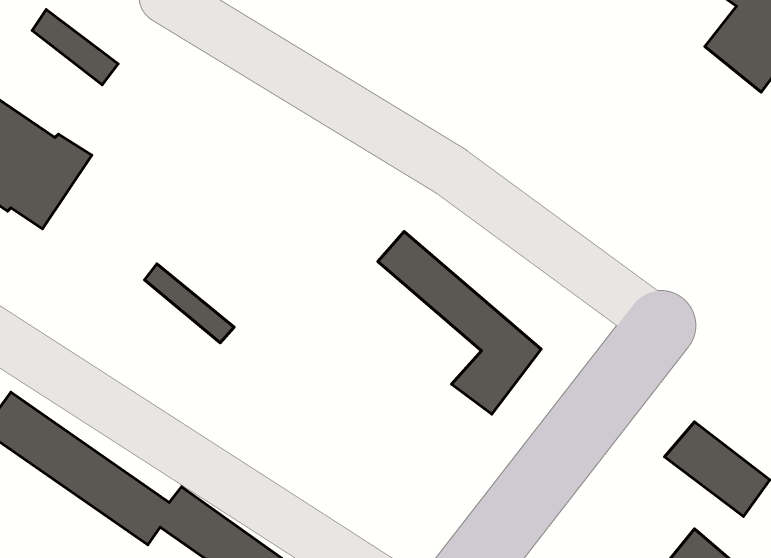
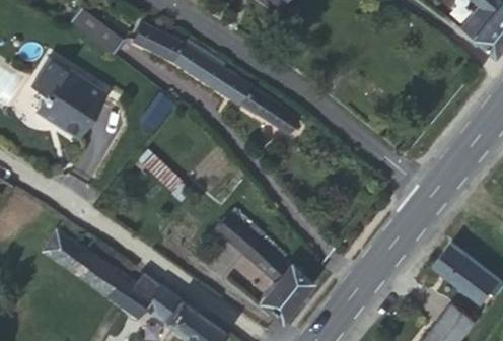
building: none -> [132,22,296,134]
building: [378,232,541,414] -> [213,214,307,320]

